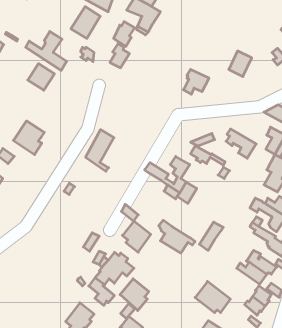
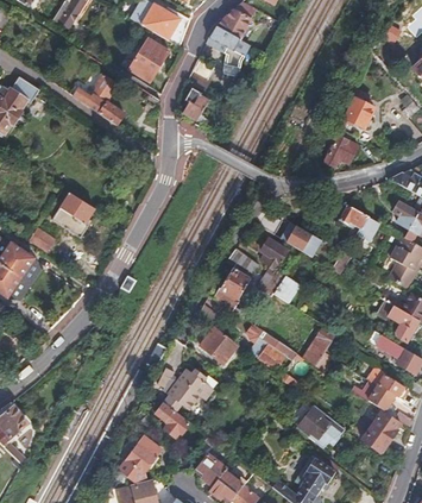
building: [28,64,54,90] -> none
building: [183,69,209,94] -> [323,134,358,168]
building: [86,130,114,171] -> [214,260,252,316]
building: [120,279,149,311] -> none

